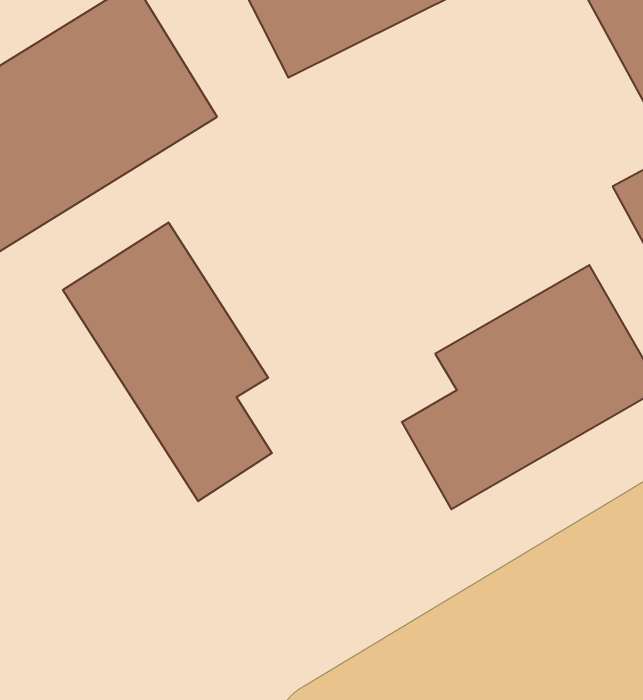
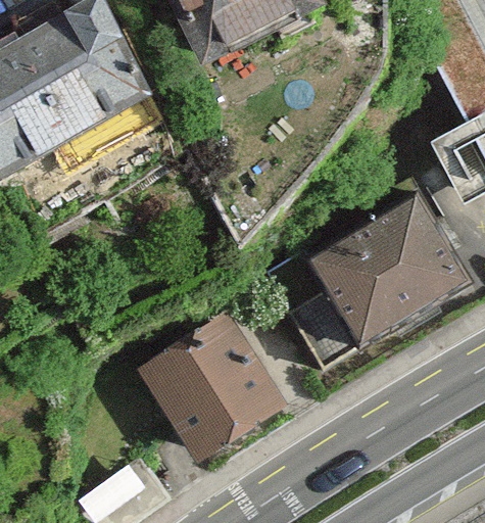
building: [63,222,272,501] -> none
building: none -> [145,322,271,447]

